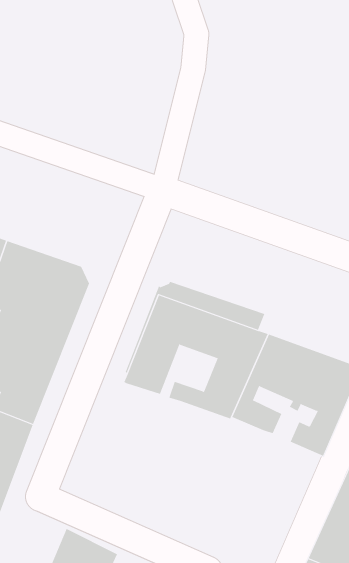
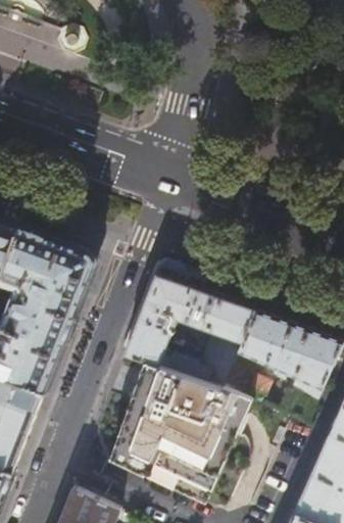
building: none -> [109,358,250,507]

